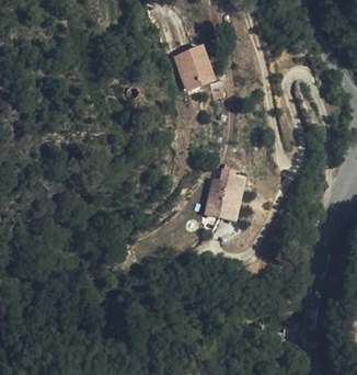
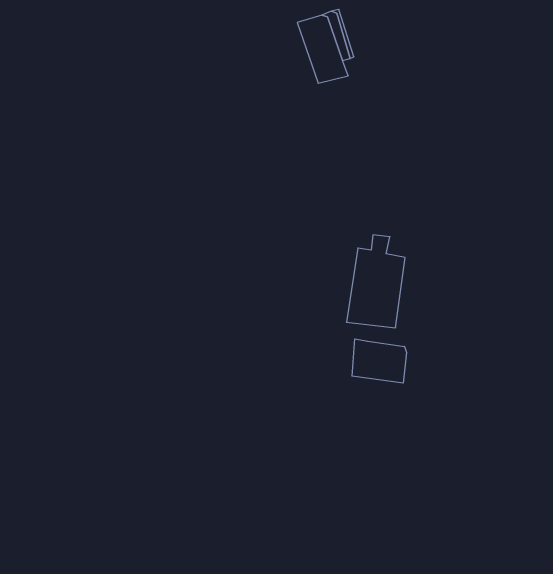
building: none -> [352,339,407,383]

